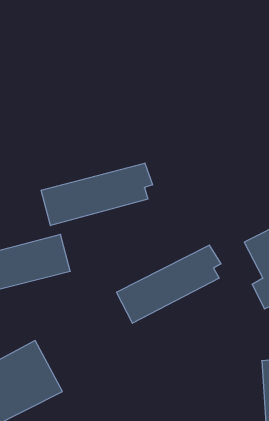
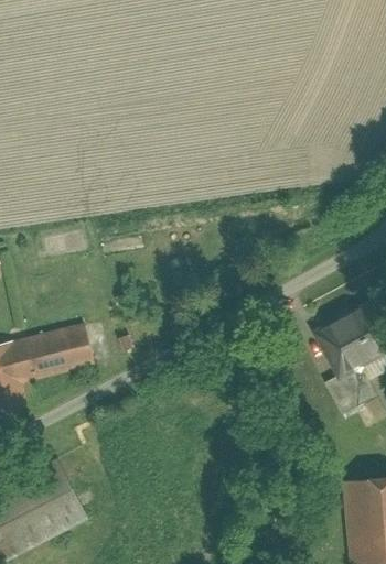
building: [41,163,153,226] -> none
building: [117,245,221,323] -> none

